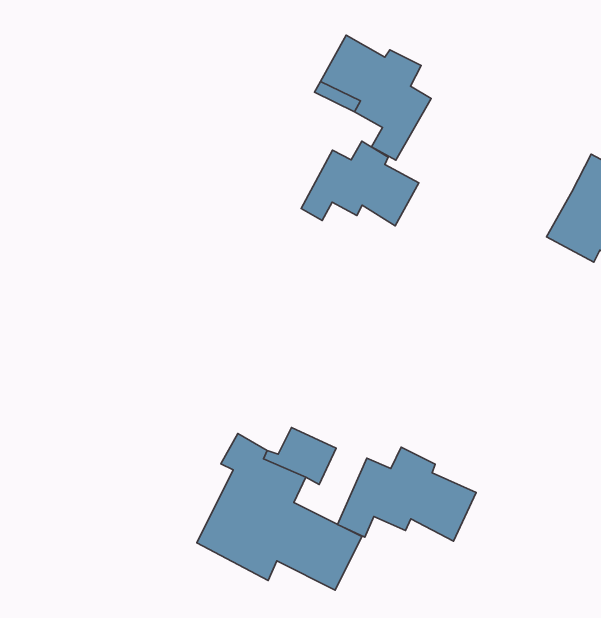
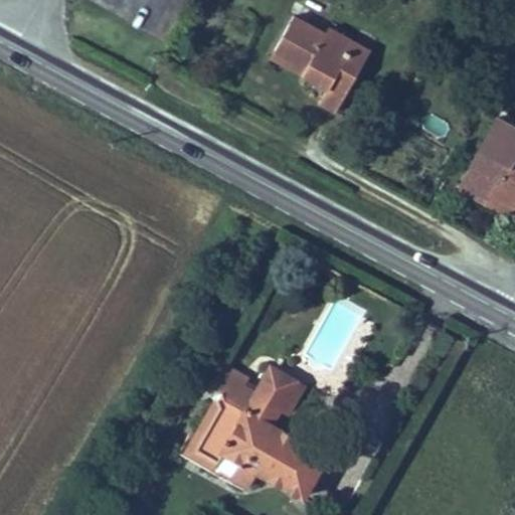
building: [301,141,419,226] -> none
building: [337,447,476,541] -> none

